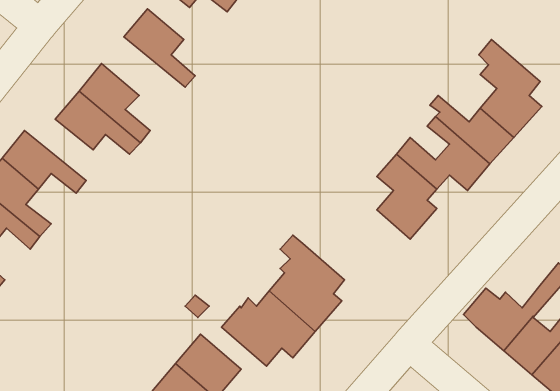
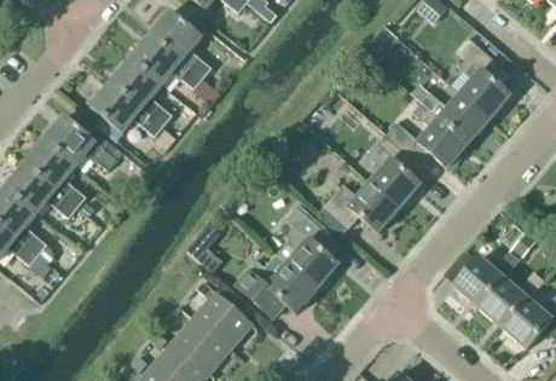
building: none -> [129,34,202,88]
building: none -> [324,183,396,231]

